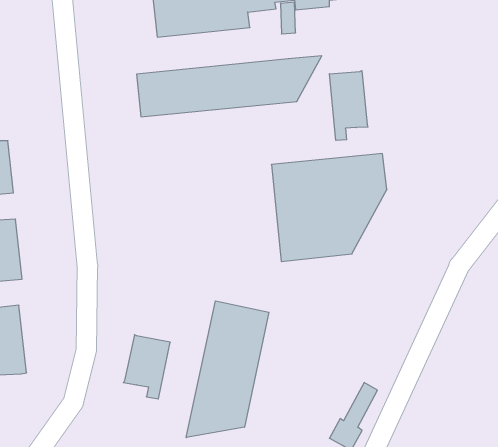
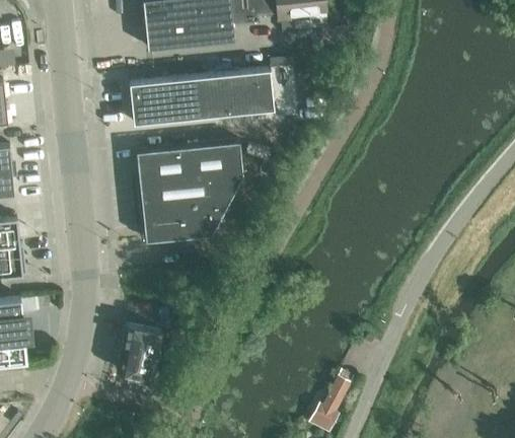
building: [329,71,368,140] -> none
building: [271,154,387,262] -> [136,142,243,242]
building: [186,301,269,438] -> none

